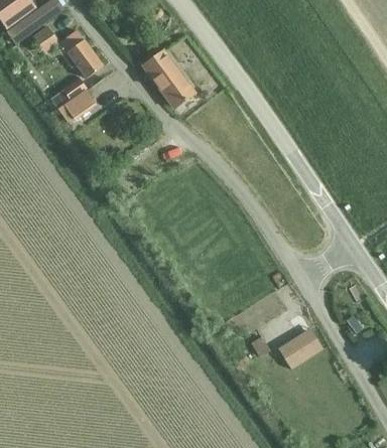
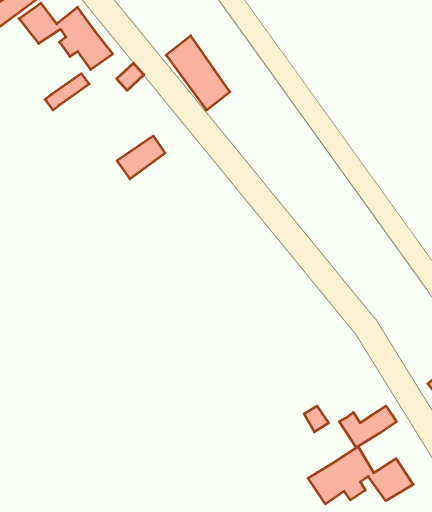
building: [57,89,95,122] -> [117,136,165,179]
building: none -> [308,446,413,504]

